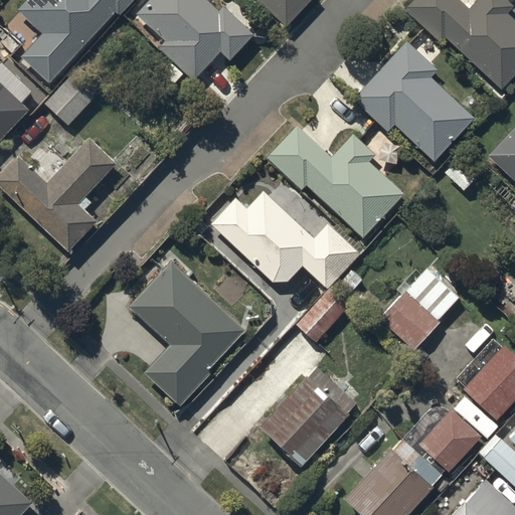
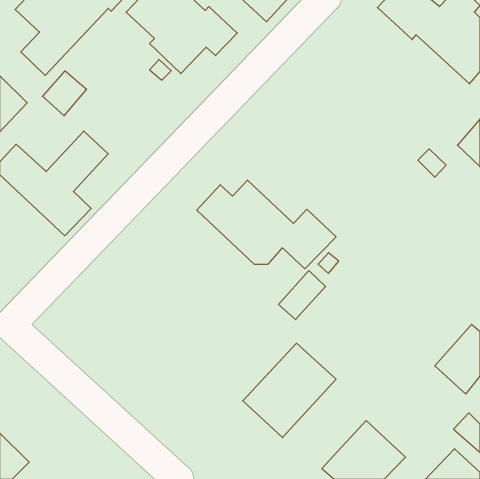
building: [351,38,473,160] -> none
building: [268,125,404,237] -> none
building: [128,261,248,404] -> none
building: [380,269,459,348] -> none
building: [419,410,480,471] -> none

